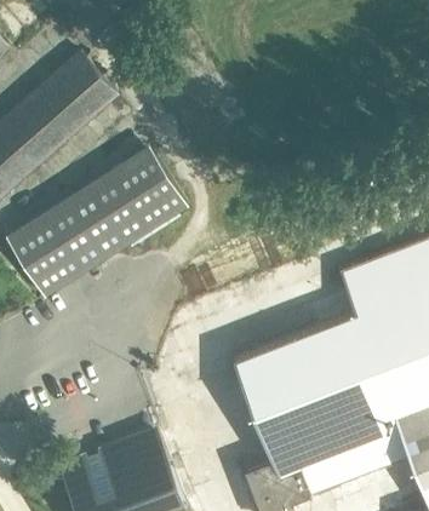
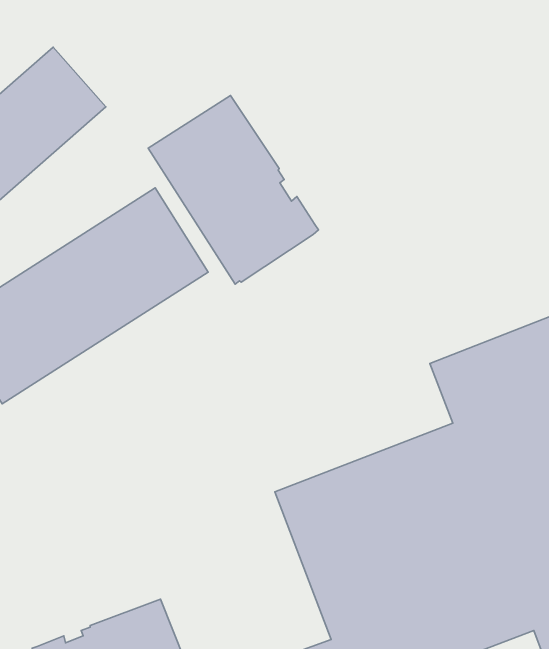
building: none -> [148,96,319,284]

